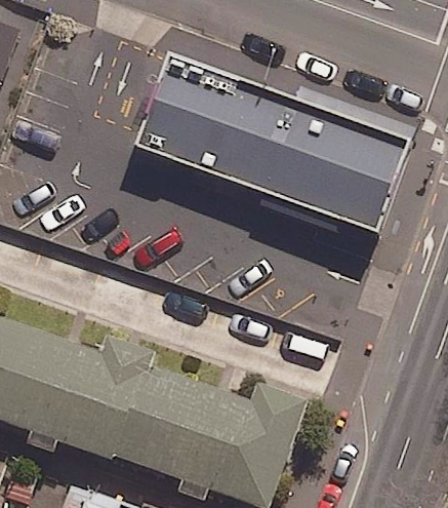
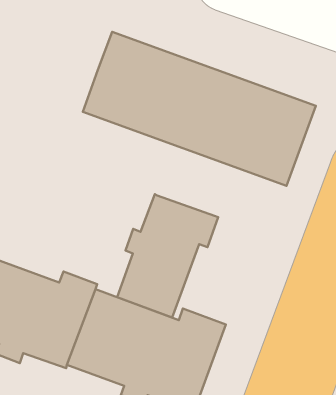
building: none -> [117,194,218,317]

